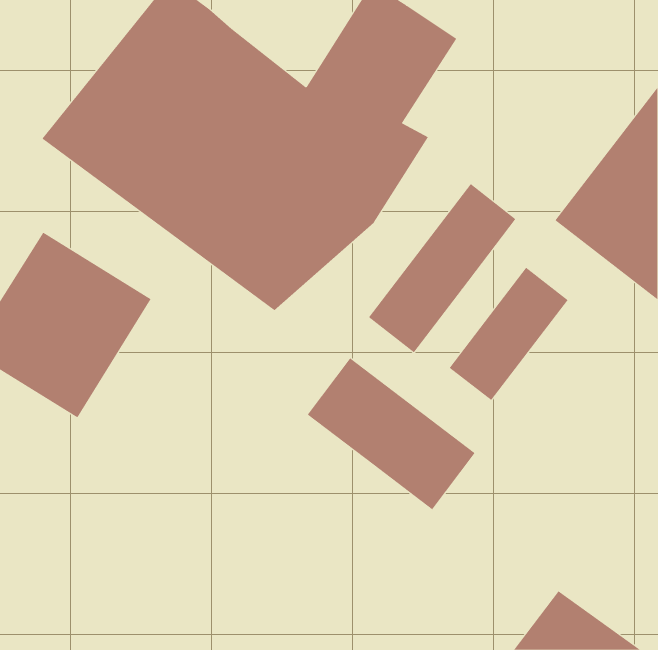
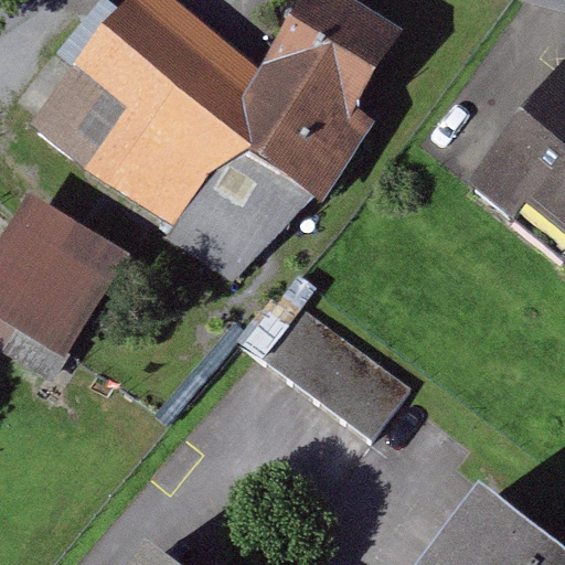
building: [368,183,516,353] -> none
building: [449,267,568,401] -> none

